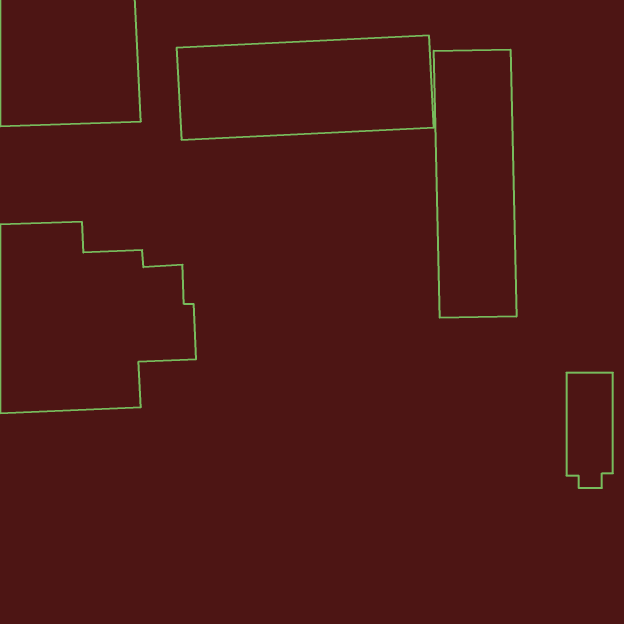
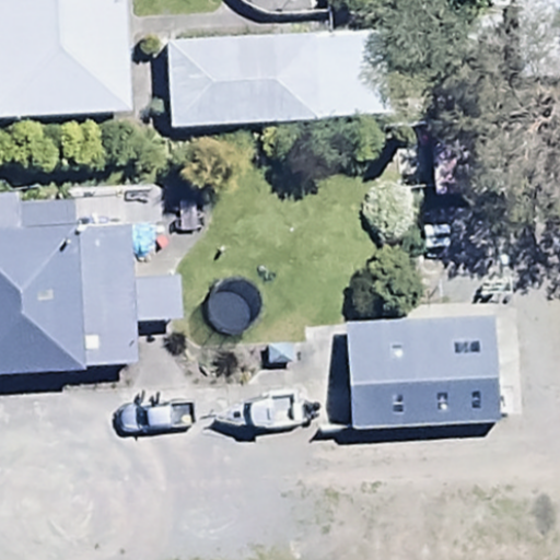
building: [434,50,516,318] -> none
building: none -> [343,316,495,429]

